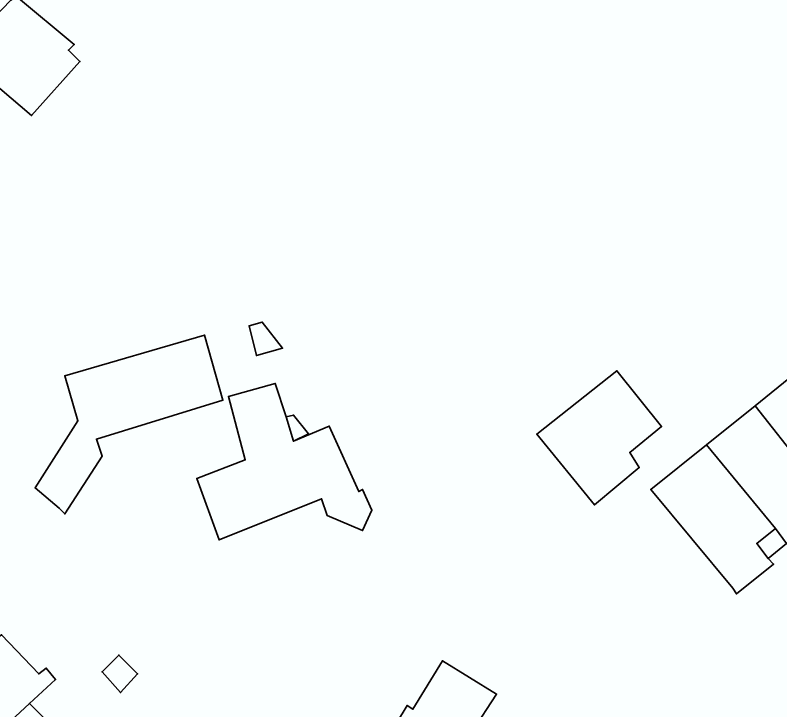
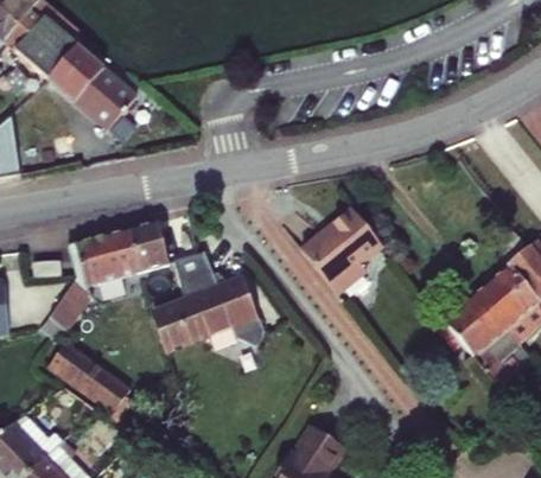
building: none -> [49,40,138,132]
building: [537,371,662,505] -> [301,205,381,291]
building: none -> [50,343,145,431]

